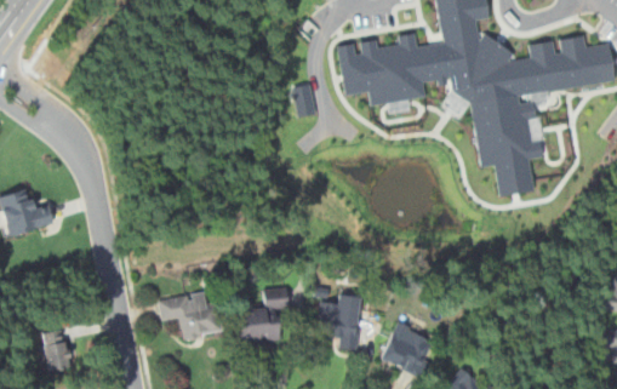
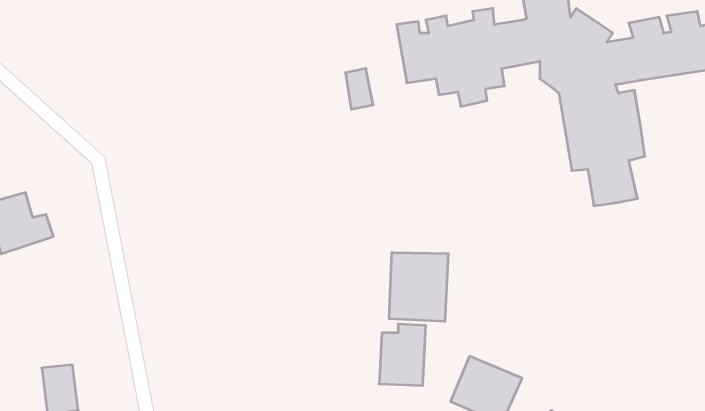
building: none -> [389,252,448,322]
building: [239,288,288,341] -> none
building: [159,292,223,339] -> none

